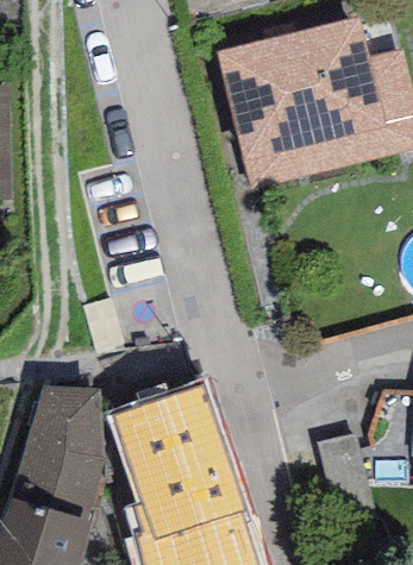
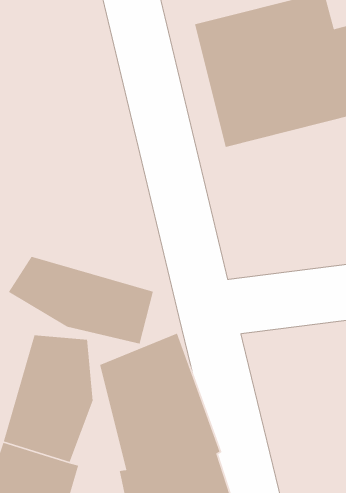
building: none -> [8,256,154,344]

